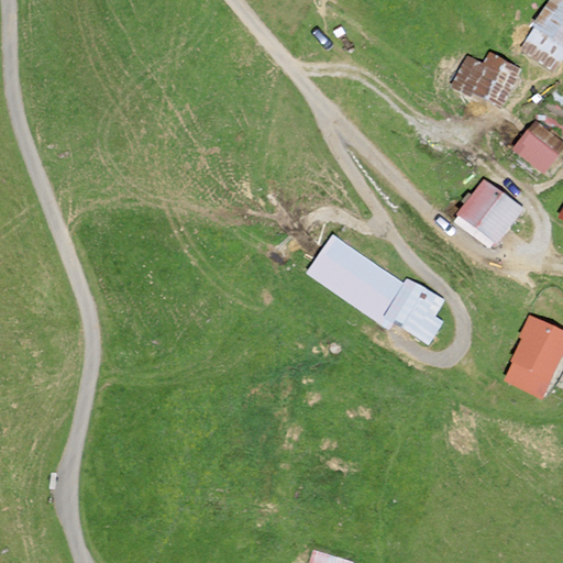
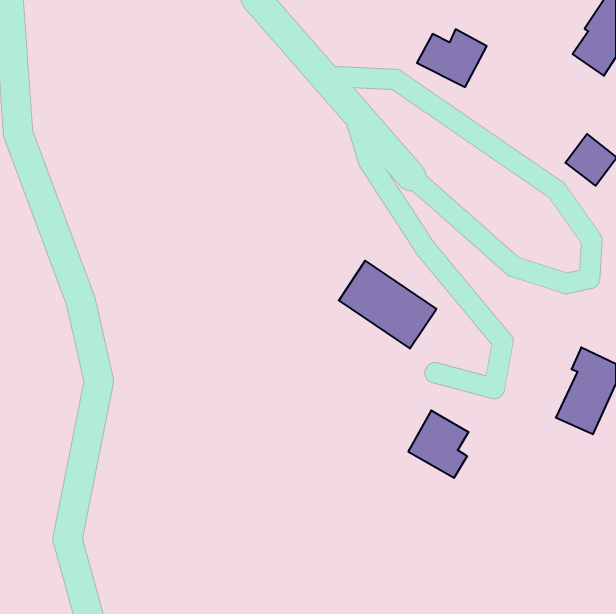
building: [455,53,519,106] -> [417,29,487,87]
building: [461,183,518,240] -> none
building: [387,280,442,342] -> [408,410,469,478]

